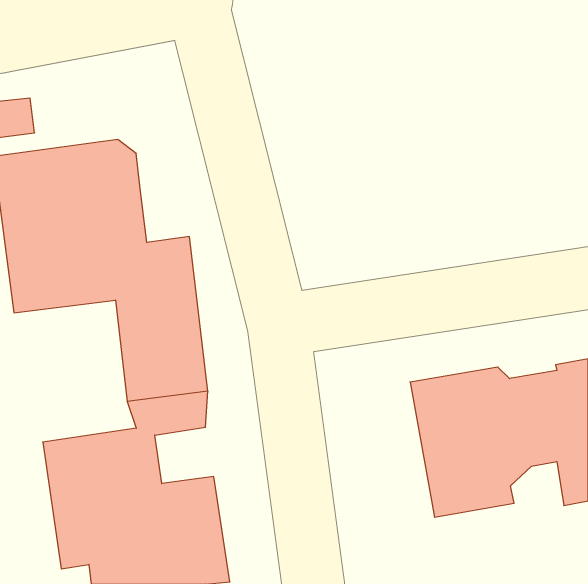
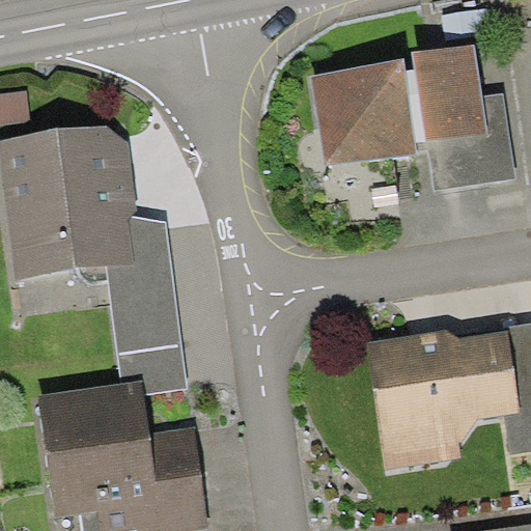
building: none -> [312,45,514,187]

